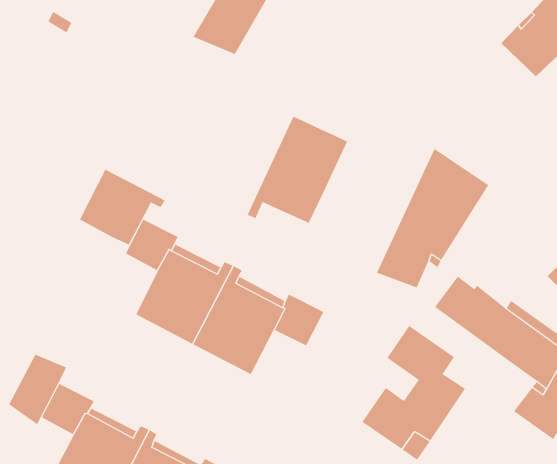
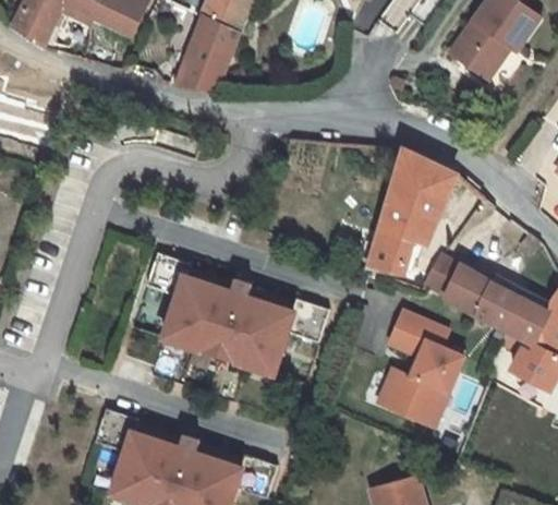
building: [247,116,348,224] -> none
building: [79,169,166,246] -> none
building: [8,354,67,425] -> none

